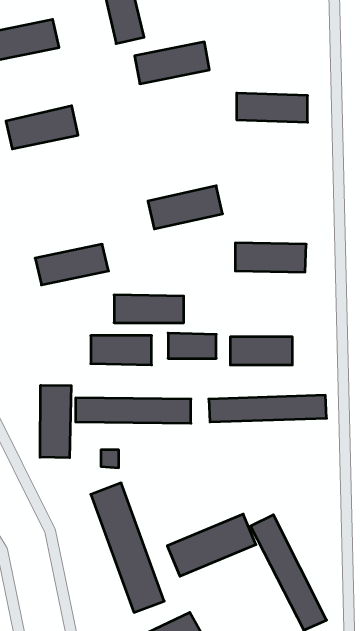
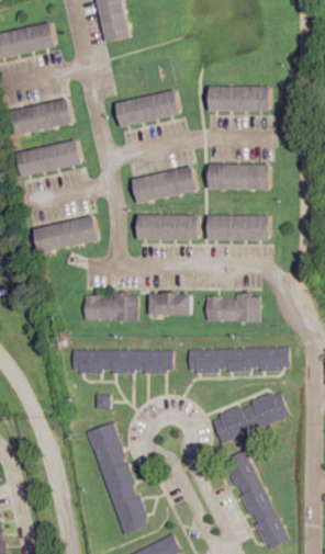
building: [135,42,209,84] -> [117,90,182,126]
building: none -> [18,139,83,176]
building: none -> [210,165,271,190]
building: [114,295,184,323] -> [139,215,200,239]
building: [40,385,71,458] -> none
building: [167,514,256,576] -> [211,389,288,443]

